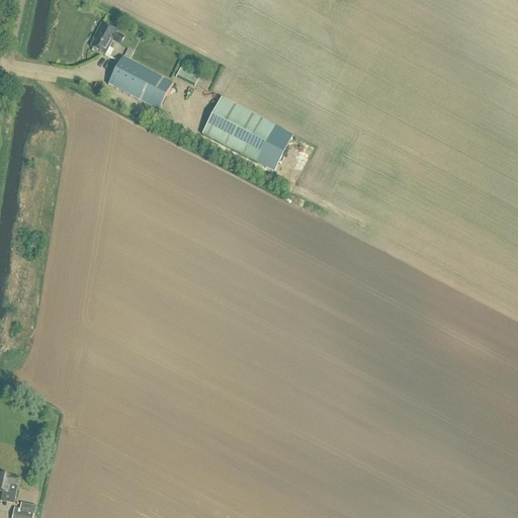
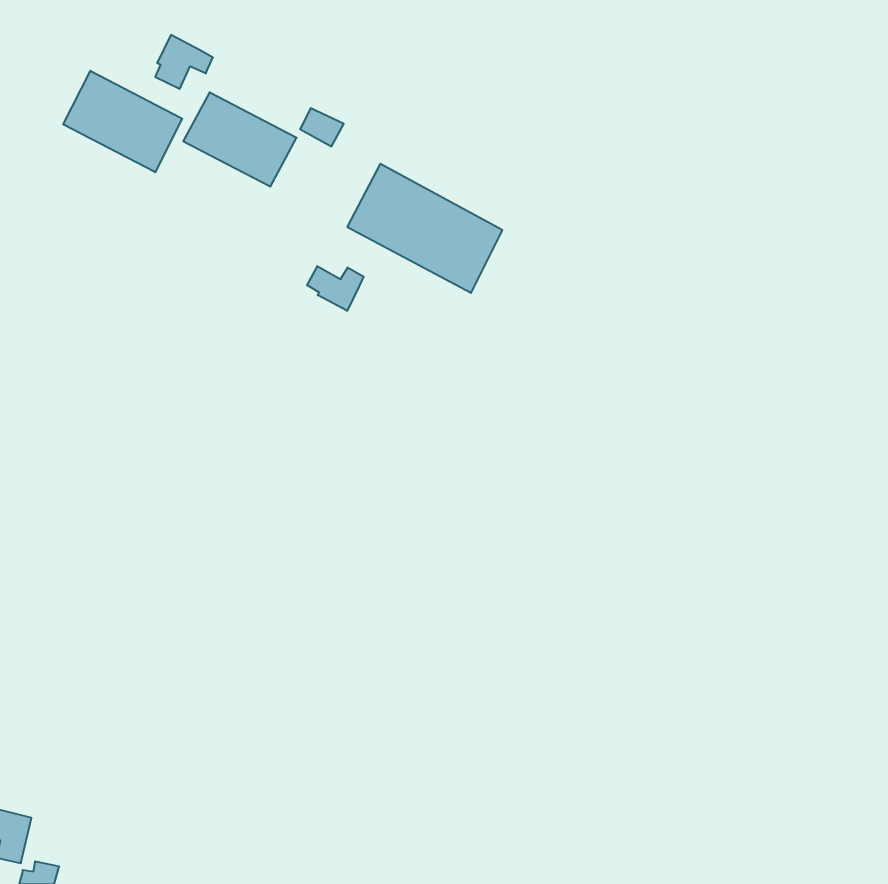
building: none -> [63,71,182,172]
building: none -> [307,266,364,311]

